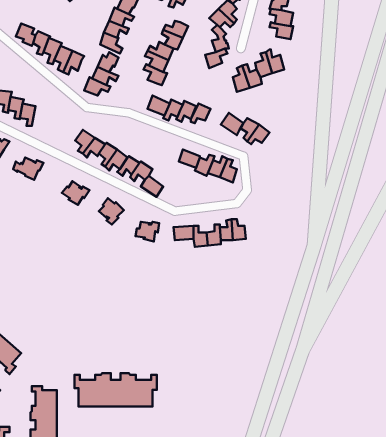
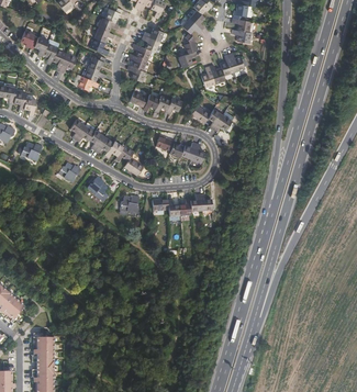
building: [74,373,157,407] -> none

